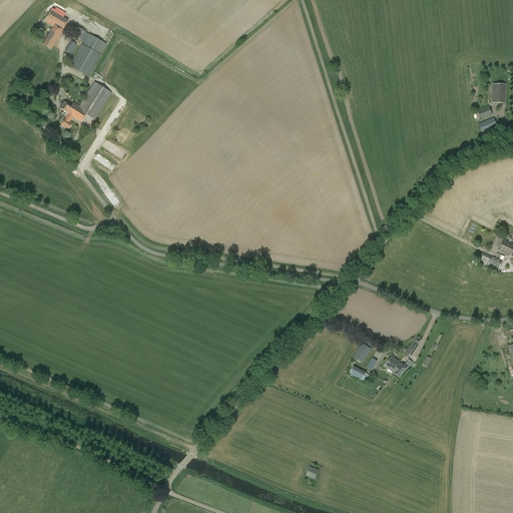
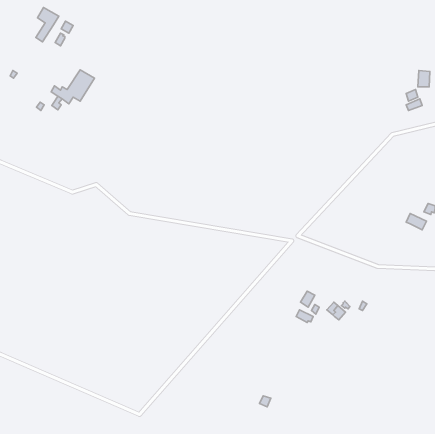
building: [70,33,106,76] -> none

